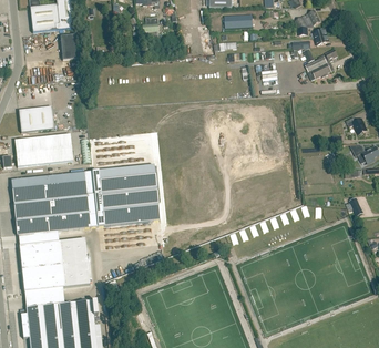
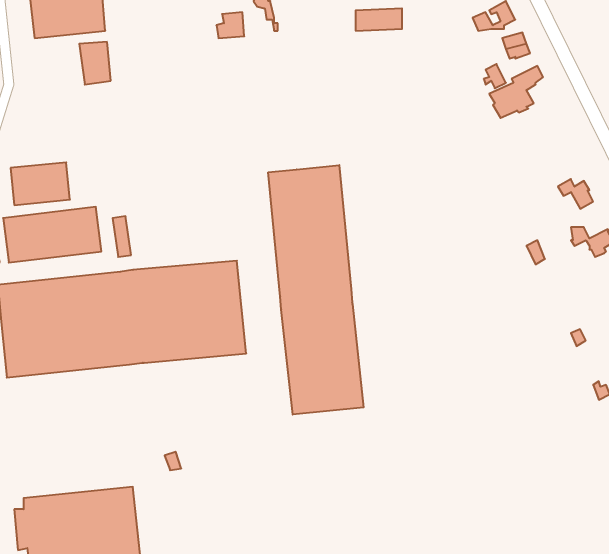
building: none -> [268,165,364,415]
building: [20,237,90,290] -> none

